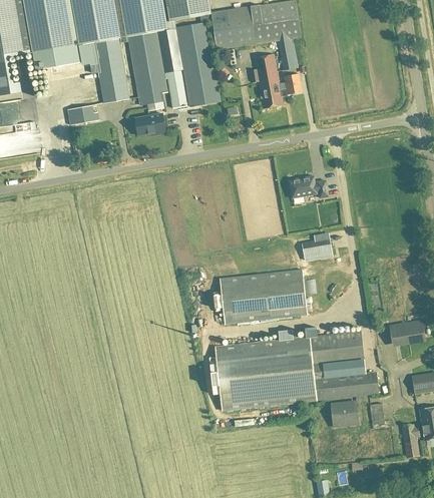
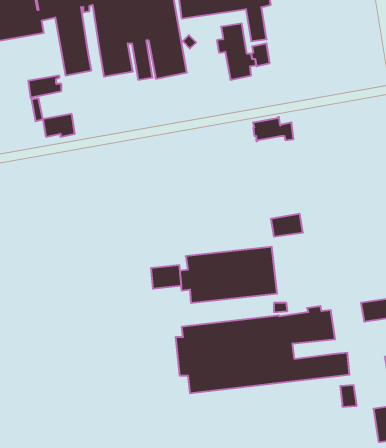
building: [133,112,164,134] -> [43,114,75,137]
building: [288,174,327,197] -> [253,117,294,141]
building: none -> [151,265,181,289]
building: [322,358,364,377] -> none
building: [330,401,358,425] -> none

